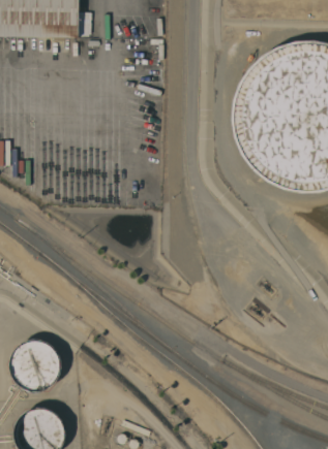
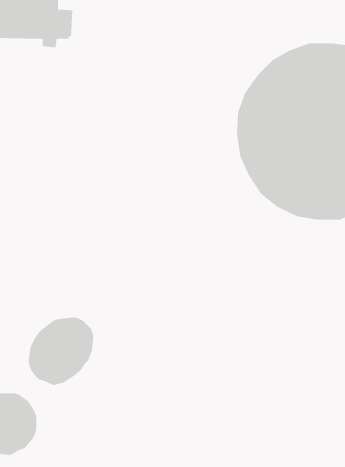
building: none -> [28,317,94,386]

